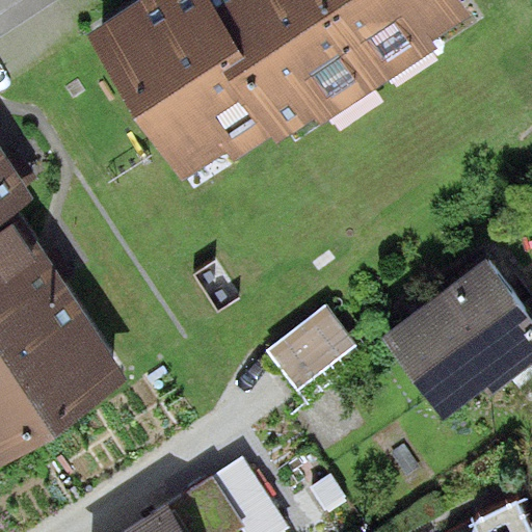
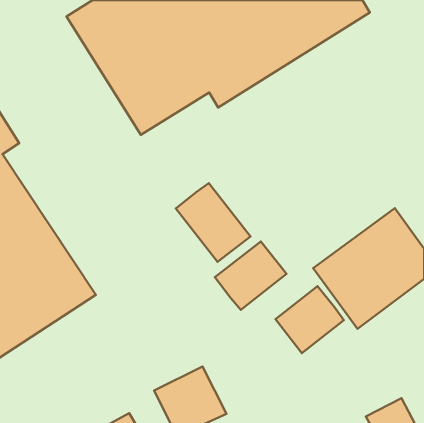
building: none -> [176,183,251,262]
building: none -> [275,286,344,353]

